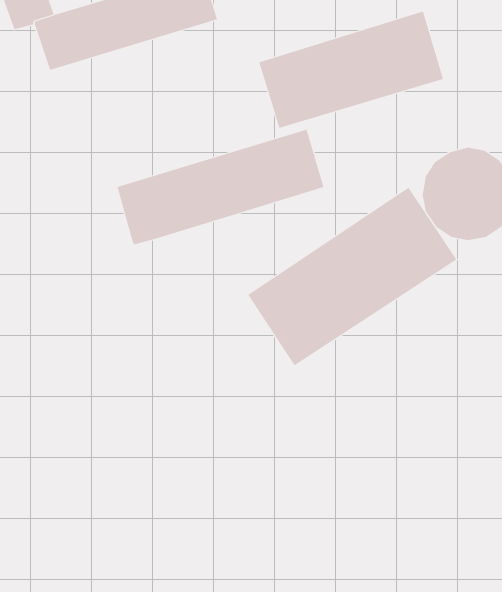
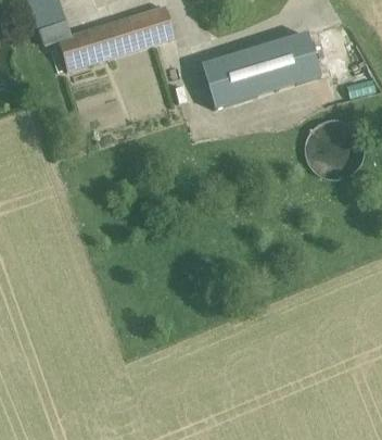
building: [117,129,324,245] -> none
building: [247,187,457,366] -> none

